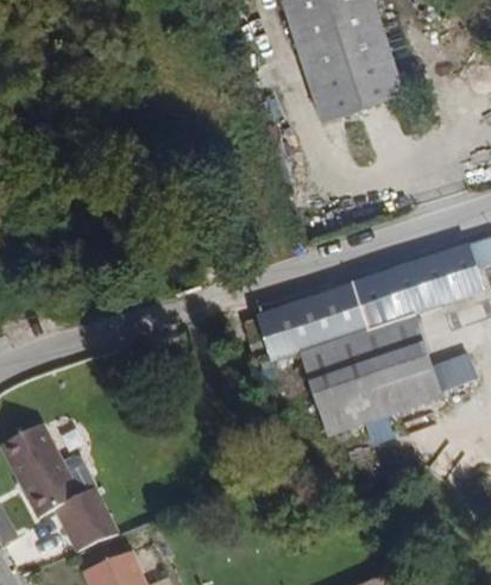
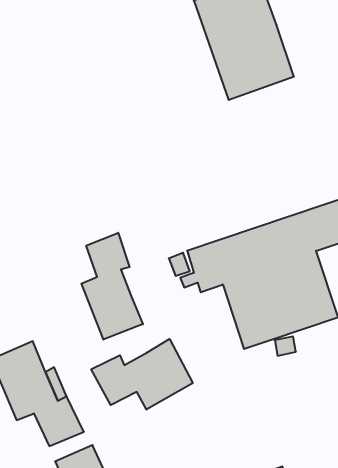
building: none -> [81,233,143,340]
building: none -> [91,339,193,410]

